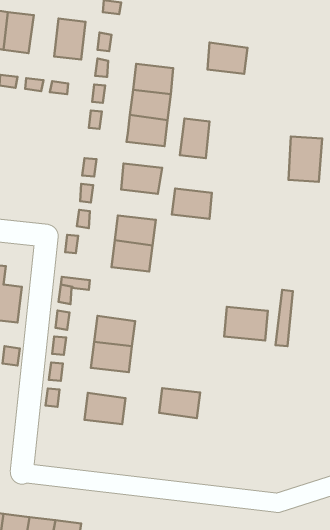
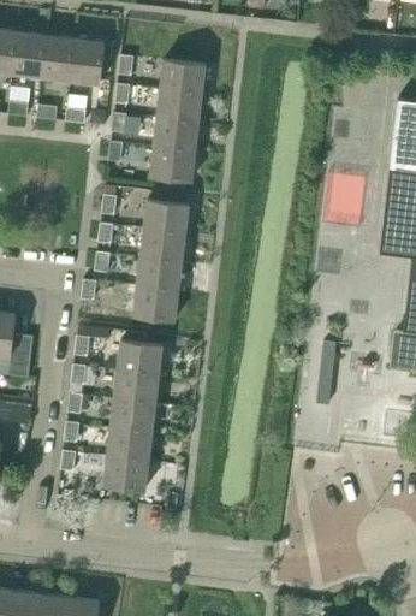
building: none -> [40,35,73,81]
building: [207,42,247,74] -> [160,59,204,94]
building: [180,119,209,158] -> none
building: [172,189,212,219] -> [139,229,184,262]
building: none -> [117,340,162,375]
building: [224,307,268,340] -> none
building: [159,388,200,418] -> [106,427,151,461]

